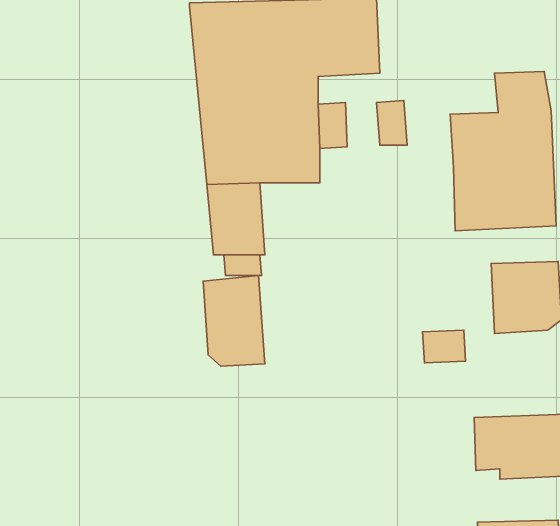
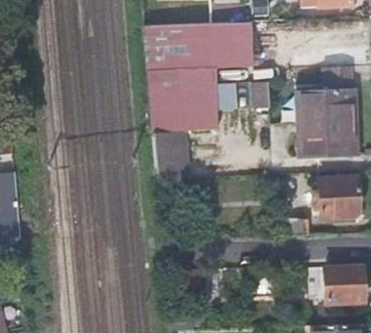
building: [203,275,265,366] -> none

